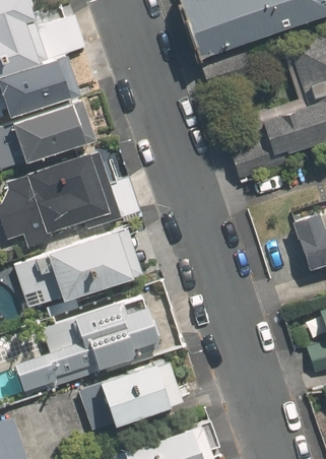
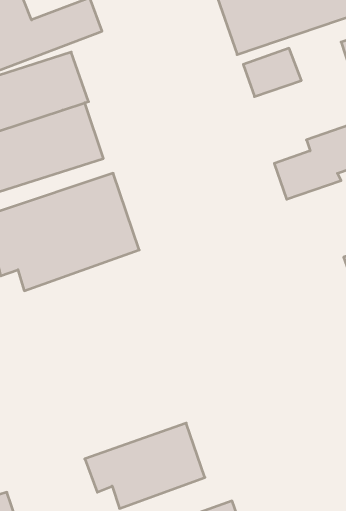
building: [13,226,140,312] -> none
building: [12,301,166,399] -> none

